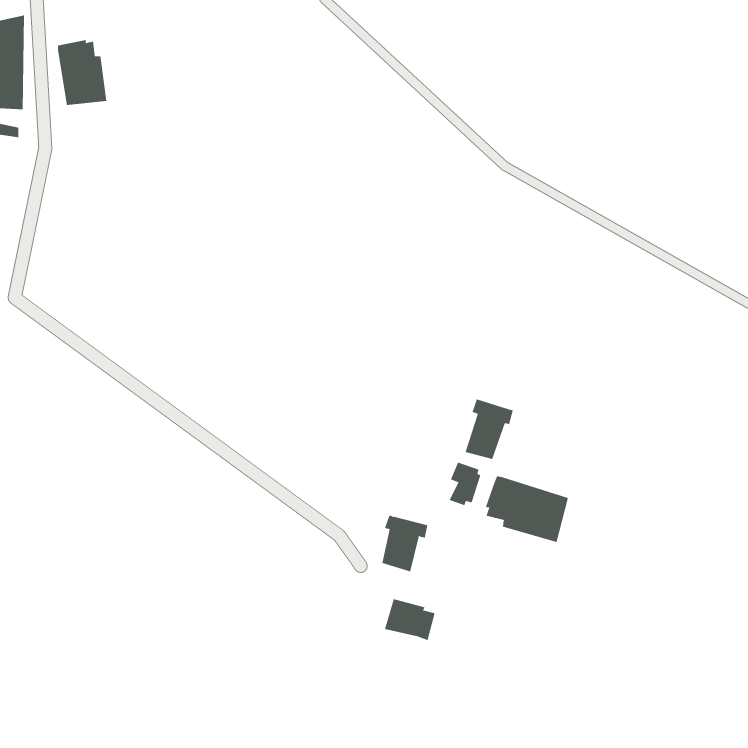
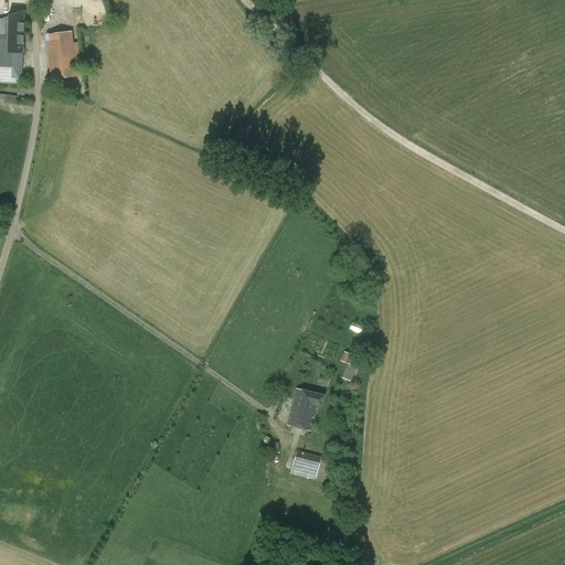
building: [465,398,513,460] -> none
building: [485,476,568,543] -> none

